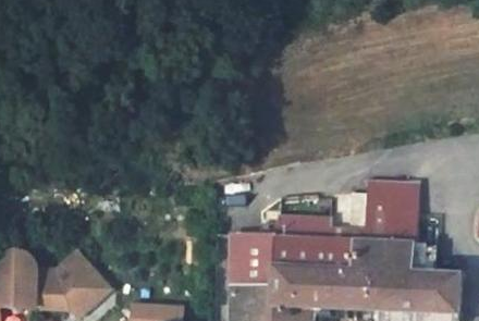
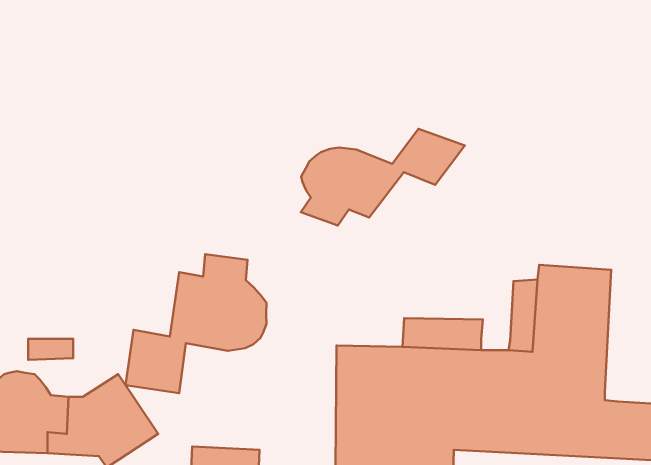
building: none -> [301,129,465,225]
building: none -> [126,254,267,393]

